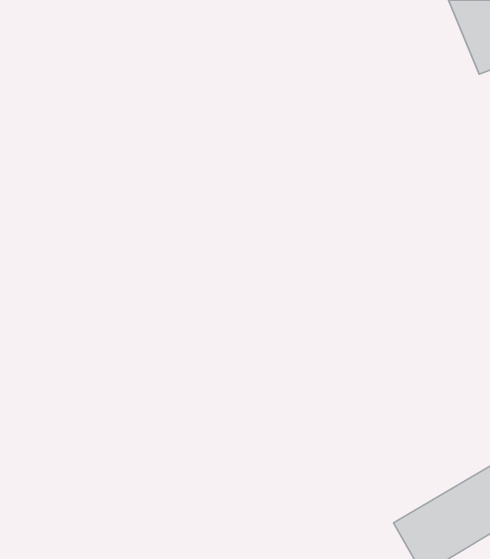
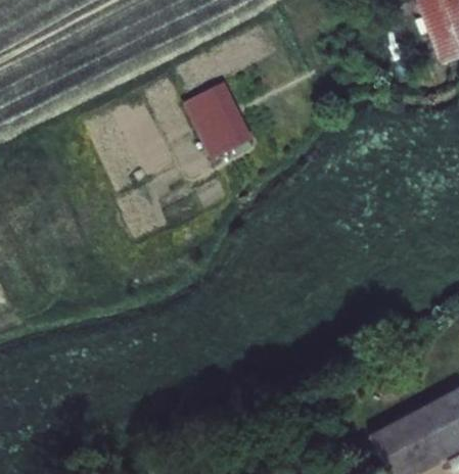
building: none -> [183,85,254,160]

